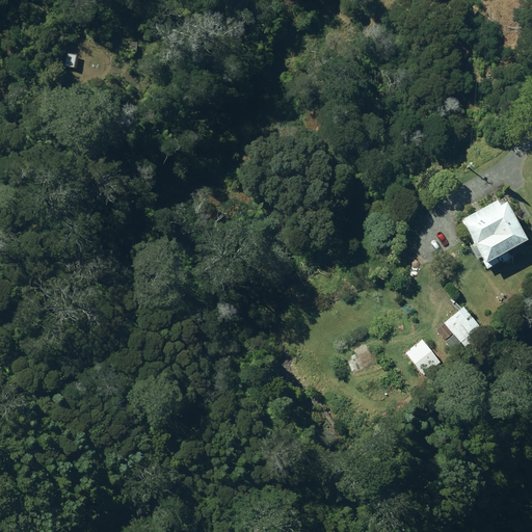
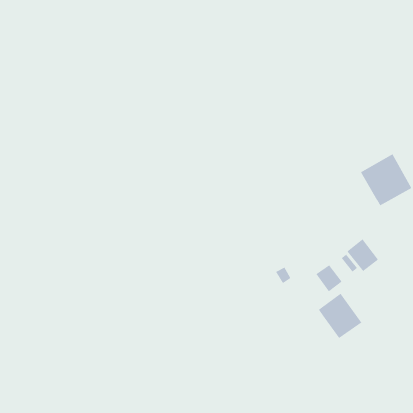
building: none -> [318,293,362,339]

